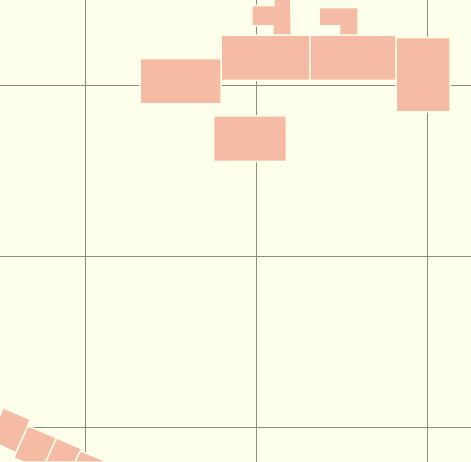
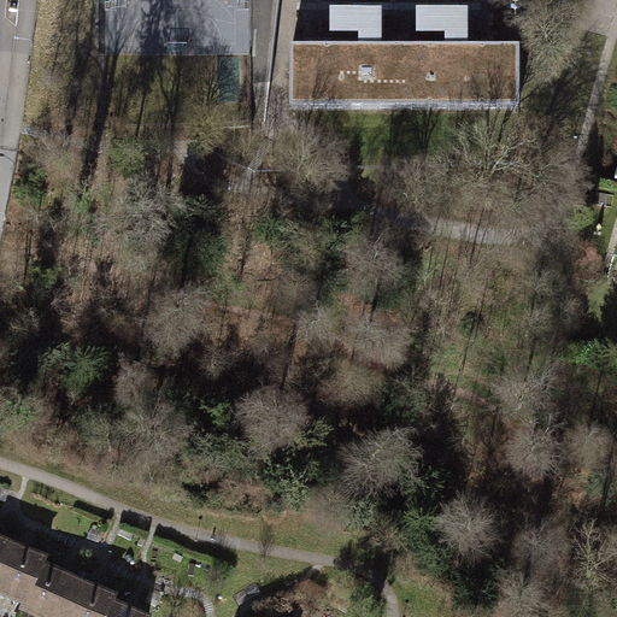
building: [396,37,450,112] -> none
building: [140,59,221,104] -> none
building: [213,116,287,162] -> none

